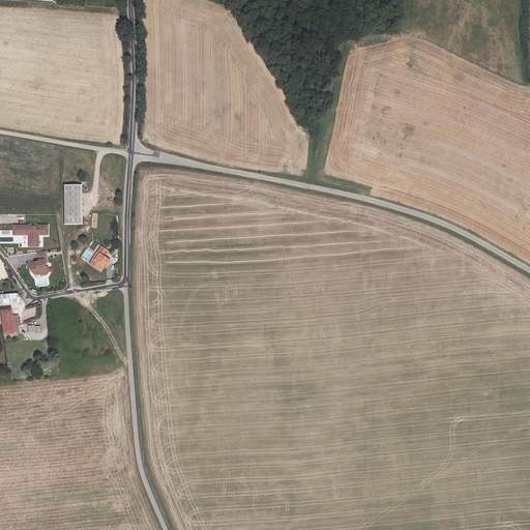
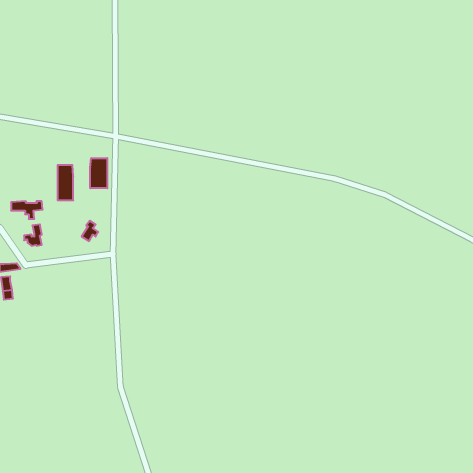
building: none -> [90,158,107,188]

